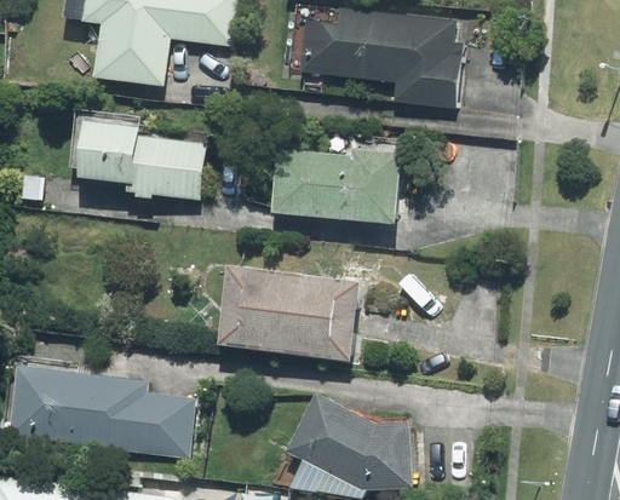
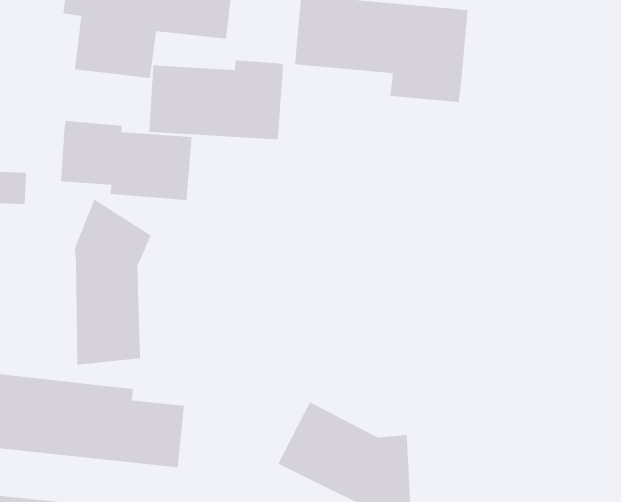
building: [270,148,398,224] -> [149,60,283,140]
building: none -> [74,198,152,365]
building: [219,252,375,362] -> none

